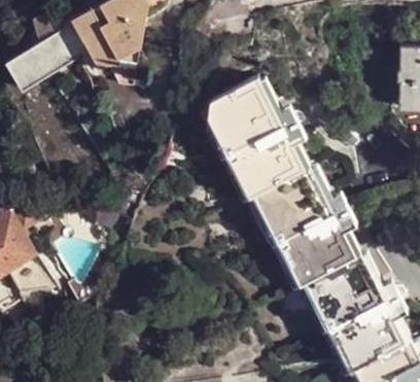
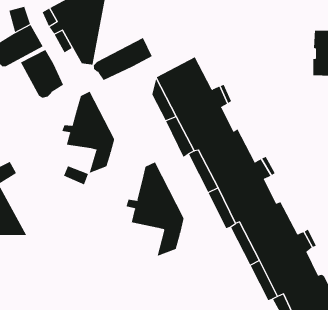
building: none -> [93,37,153,81]
building: none -> [20,49,64,99]
building: none -> [62,91,115,174]
building: none -> [126,162,184,257]

